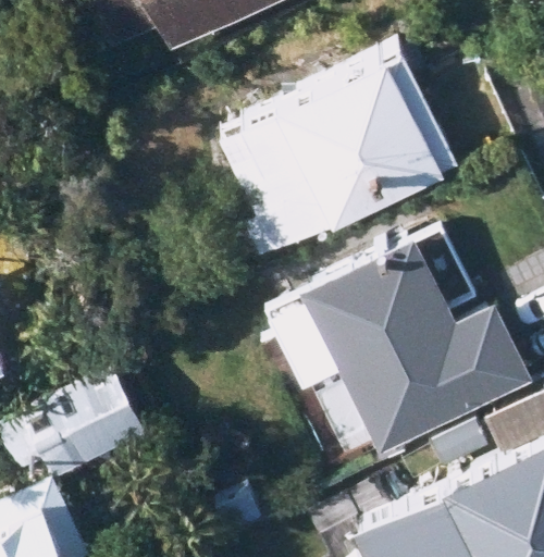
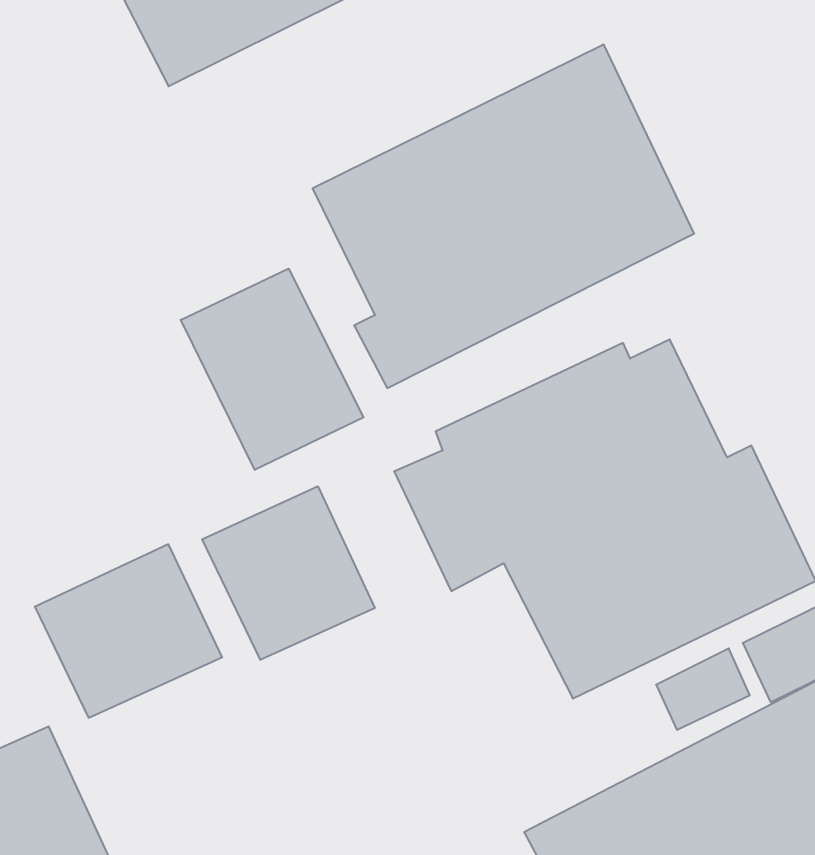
building: none -> [181,269,364,470]
building: none -> [202,486,375,660]

